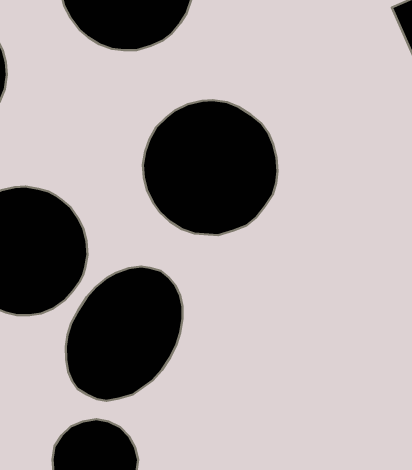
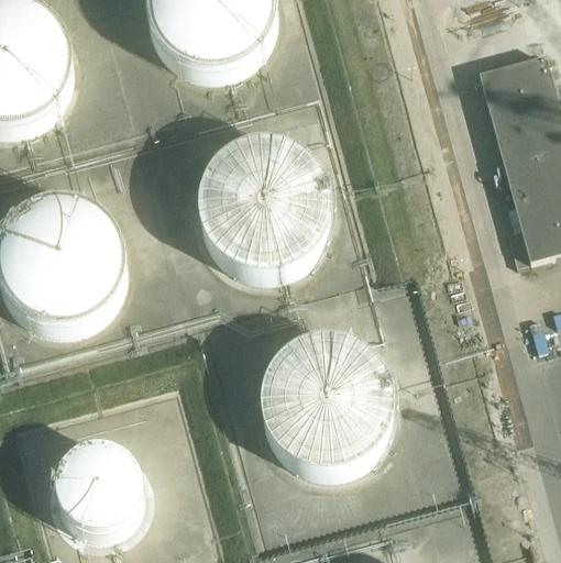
building: [66,267,183,401] -> none
building: none -> [257,333,397,474]

